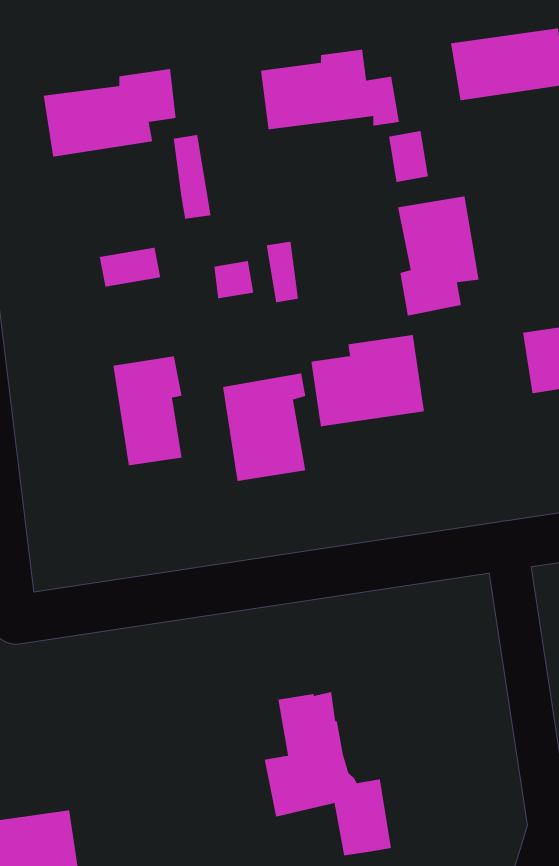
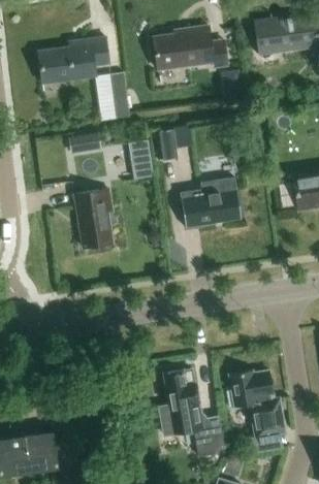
building: [397,196,479,316] -> none
building: [222,372,306,482] -> none
building: none -> [229,370,282,435]

